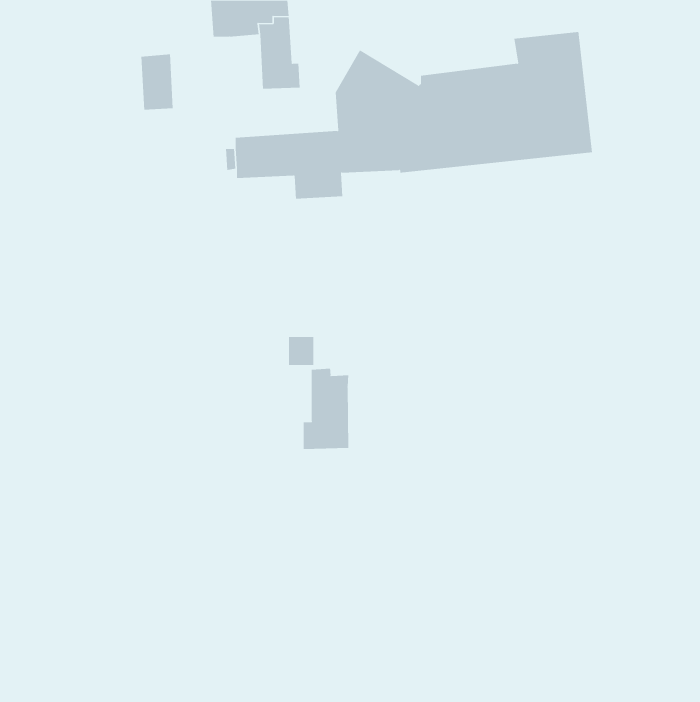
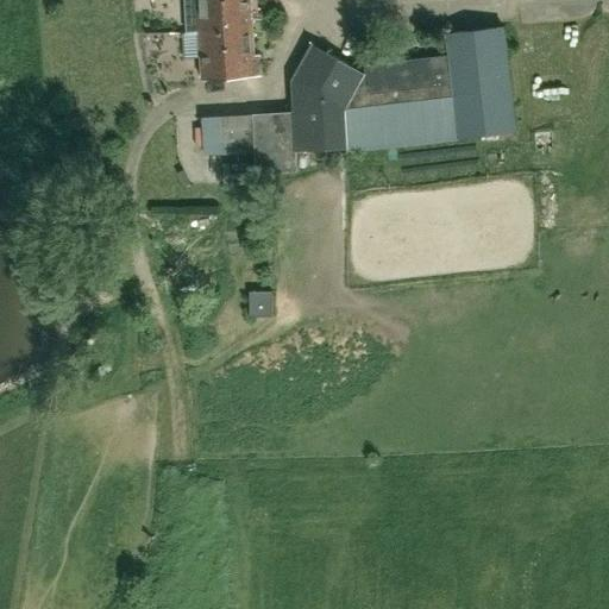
building: [141,54,174,110] -> [199,30,227,79]
building: [303,368,349,450] -> none

